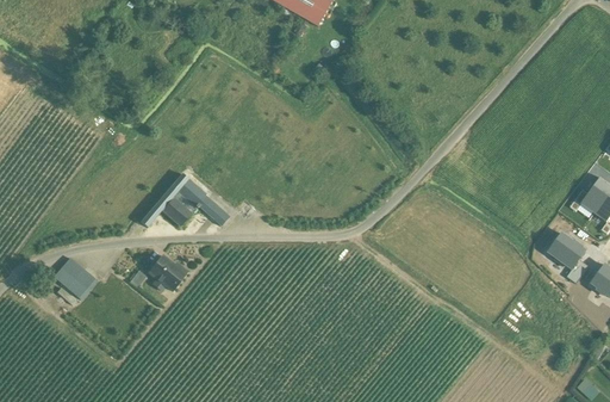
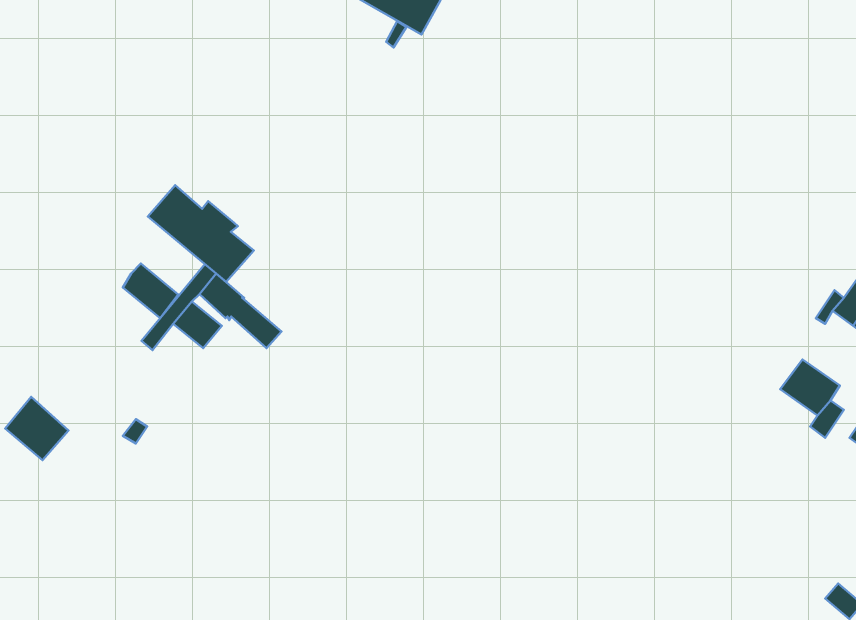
building: none -> [148,185,254,282]
building: none -> [123,263,178,318]
building: [148,255,186,291] -> none

